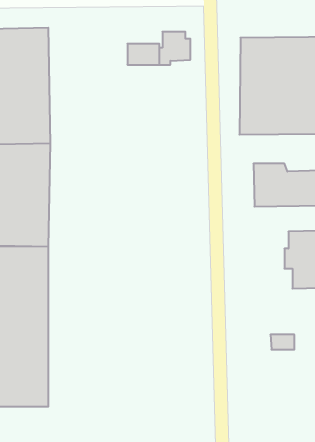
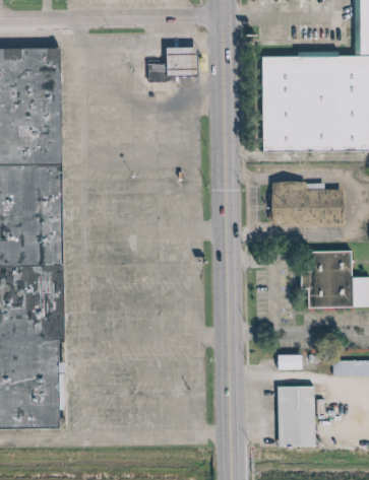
building: none -> [286,386,323,448]

